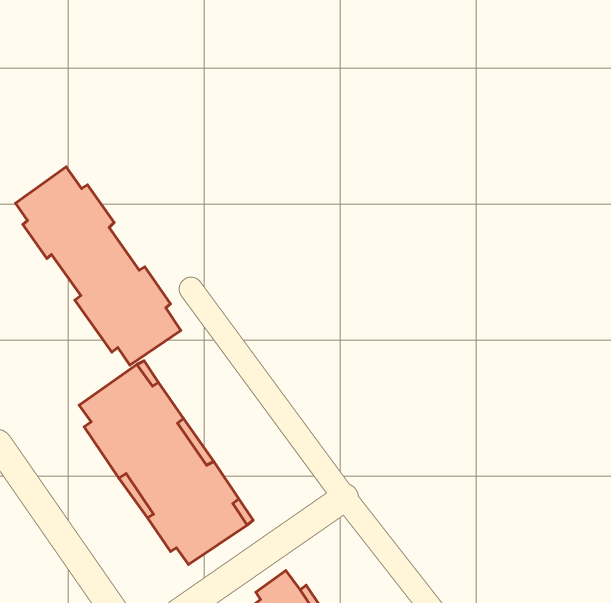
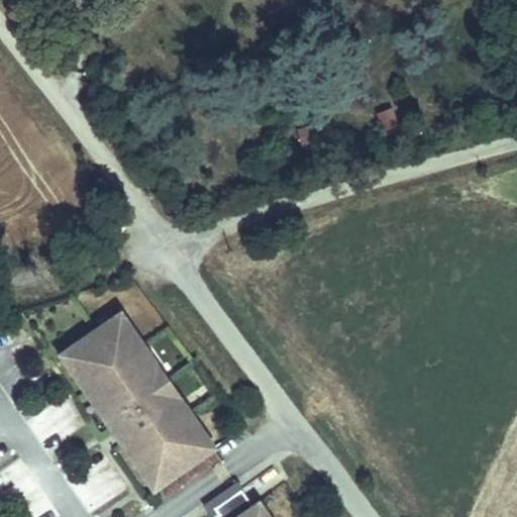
building: [16,167,181,365] -> none

